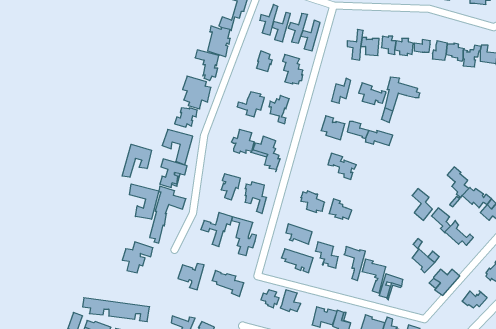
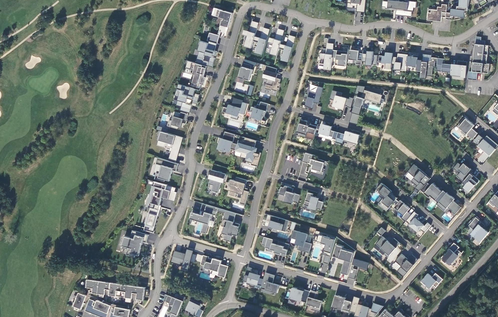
building: [122,144,151,177] -> none
building: [129,184,159,219] -> none

